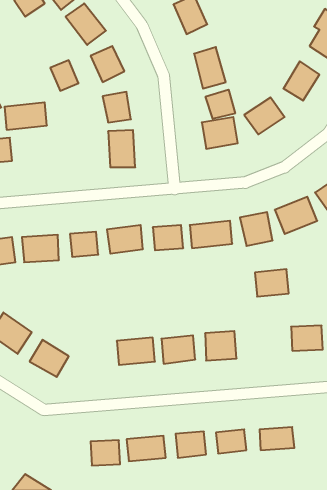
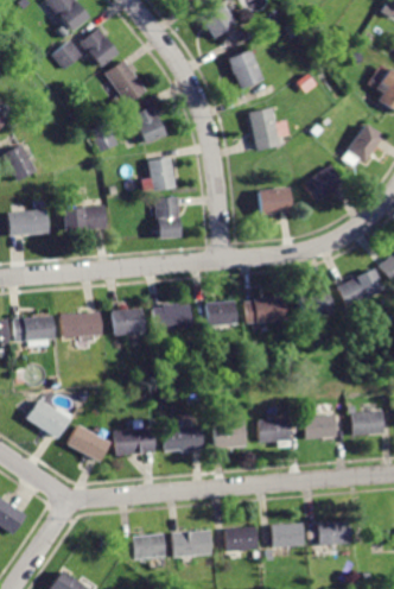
building: [206,90,235,119] -> none
building: [4,102,47,130] -> [64,202,110,232]
building: [255,269,289,297] -> [301,411,338,441]
building: none -> [114,425,157,458]

